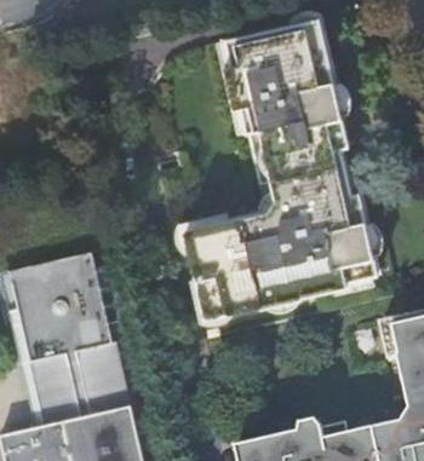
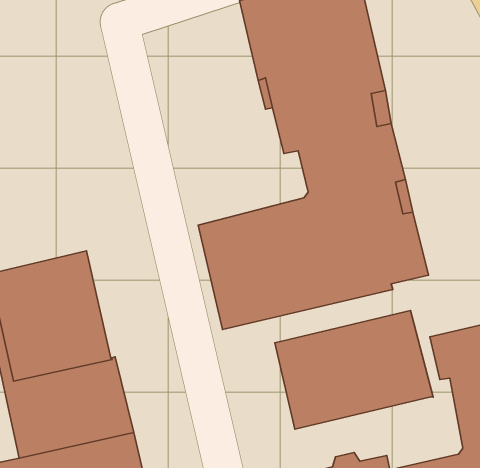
building: none -> [275,310,433,429]

